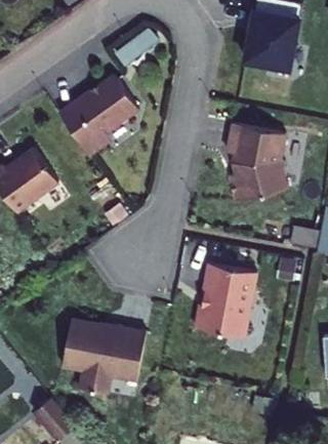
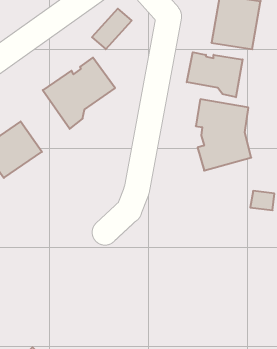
building: none -> [187,52,243,97]
building: [193,264,255,337] -> none
building: [59,318,145,393] -> none

